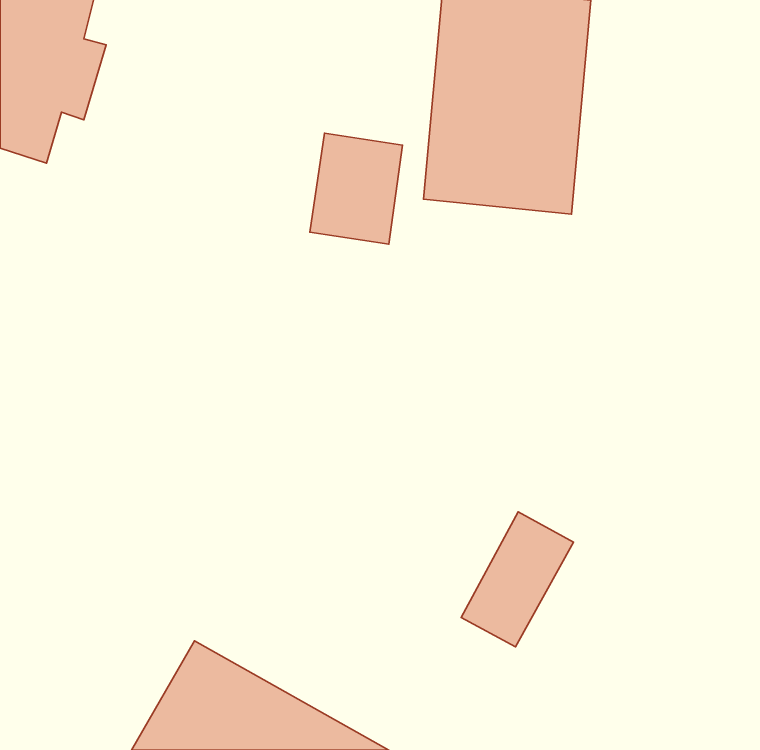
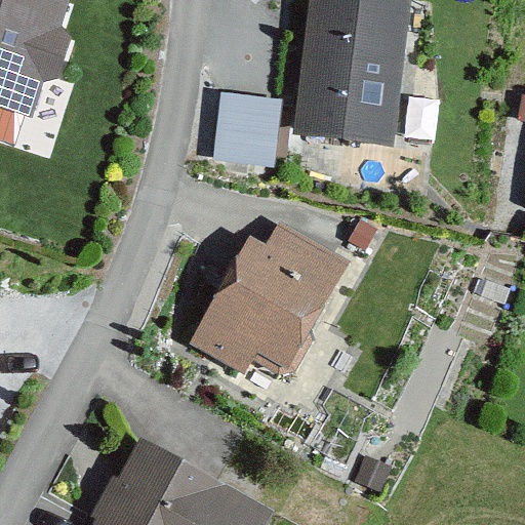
building: none -> [190,226,351,376]
building: [461,512,574,647] -> none

